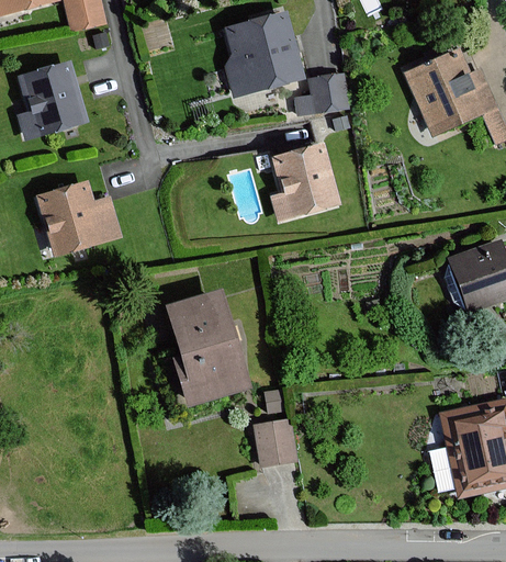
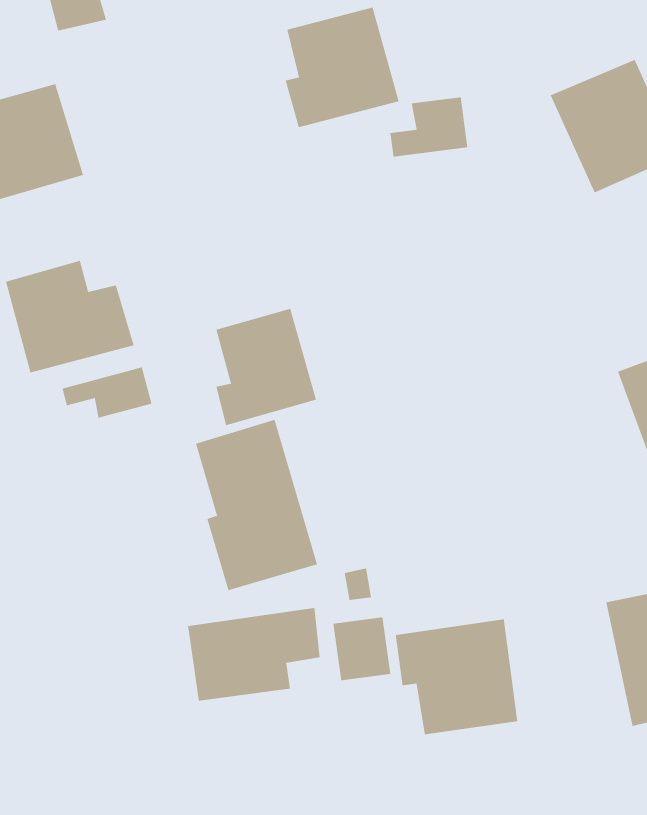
building: [270,142,338,221] -> [216,308,317,426]
building: none -> [62,367,152,419]
building: none -> [188,607,320,701]
building: none -> [395,618,518,735]

